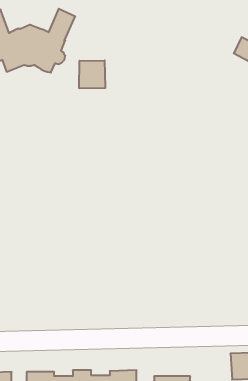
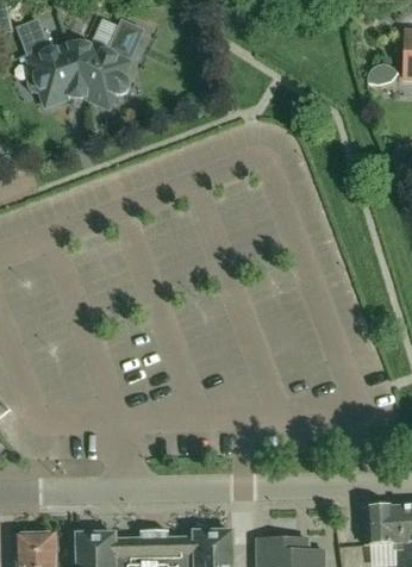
building: [79,60,105,88] -> none

